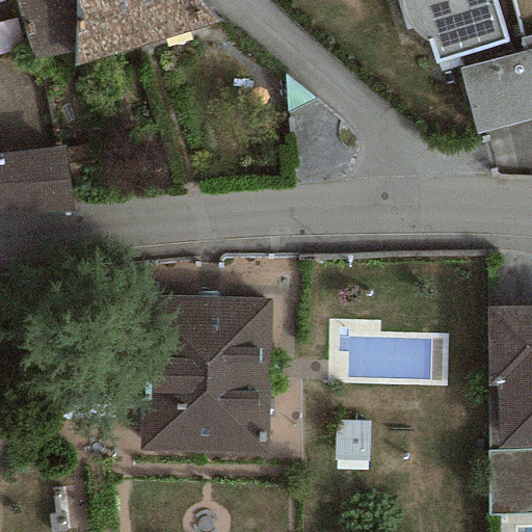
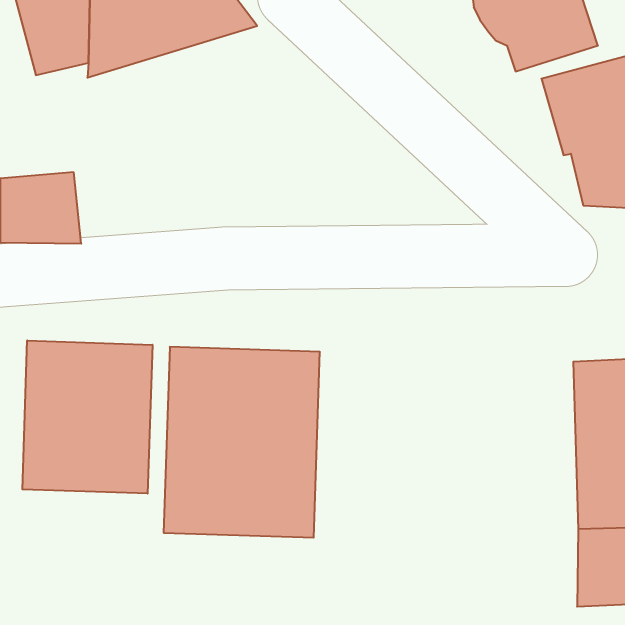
building: none -> [22,340,152,494]

